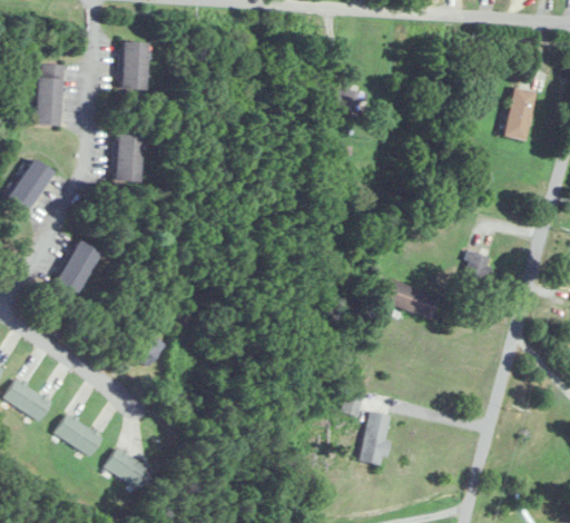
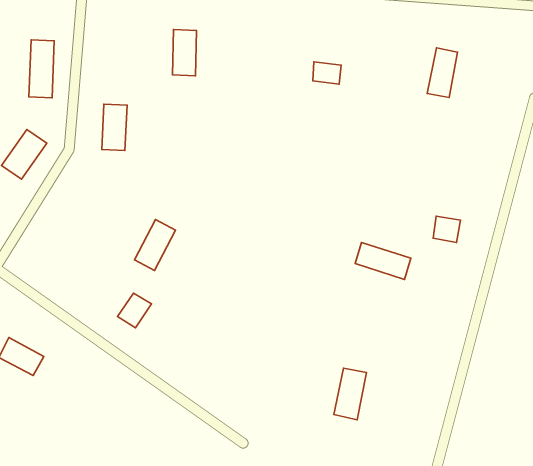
building: [121,40,147,89] -> [172,29,197,76]
building: [504,87,537,139] -> [427,48,458,98]
building: [57,239,100,293] -> [134,220,176,270]
building: [56,412,104,455] -> none
building: [105,446,154,490] -> none

